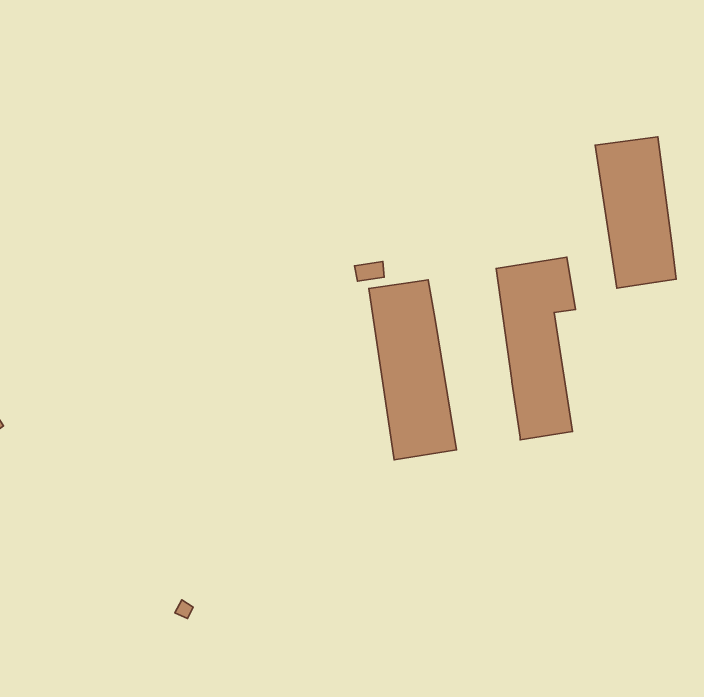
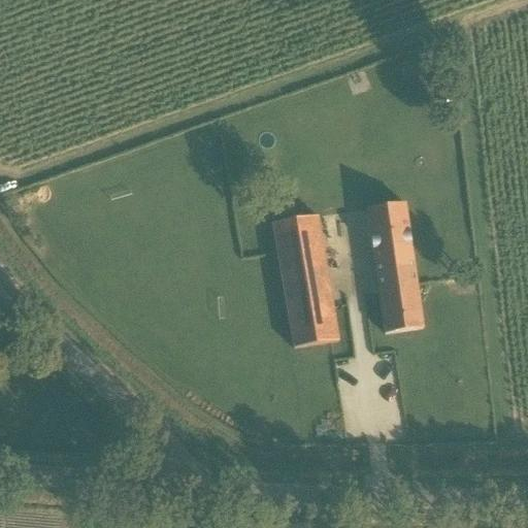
building: [595,137,676,288] -> none

